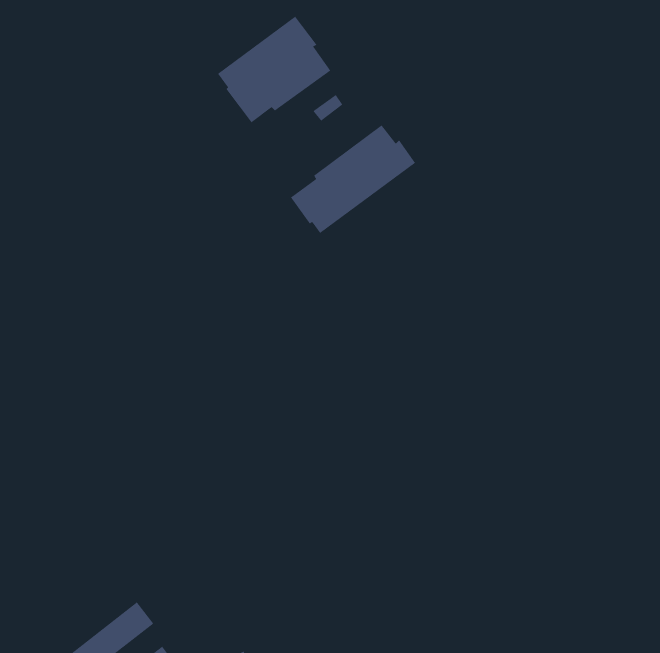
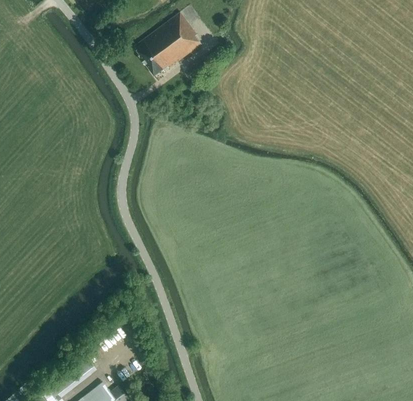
building: [290,124,416,234] -> none

